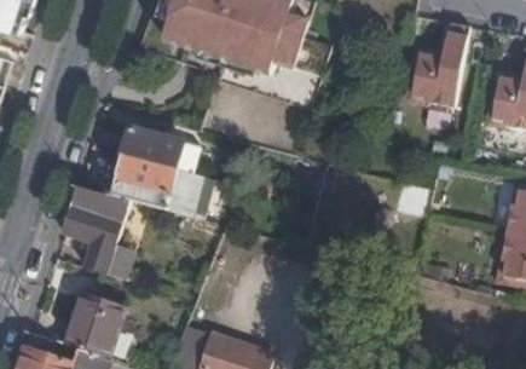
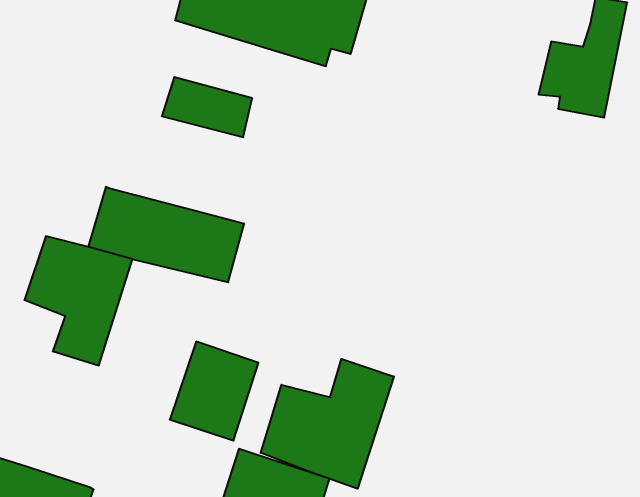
building: [120,128,181,169] -> [162,77,252,137]
building: none -> [261,359,394,489]
building: [63,292,123,359] -> [170,342,258,441]

